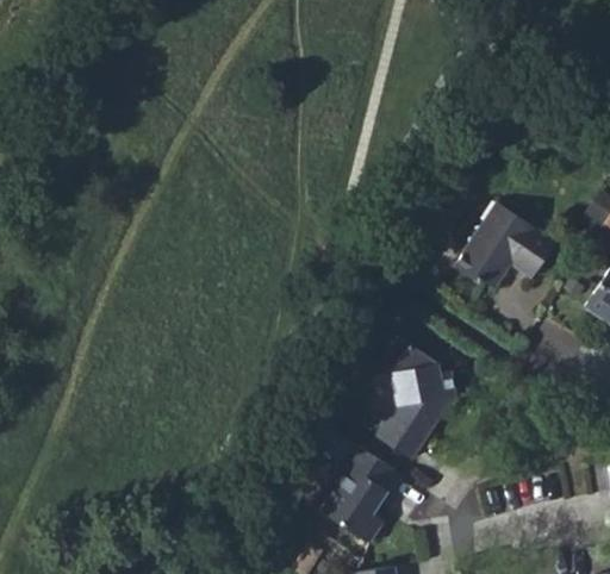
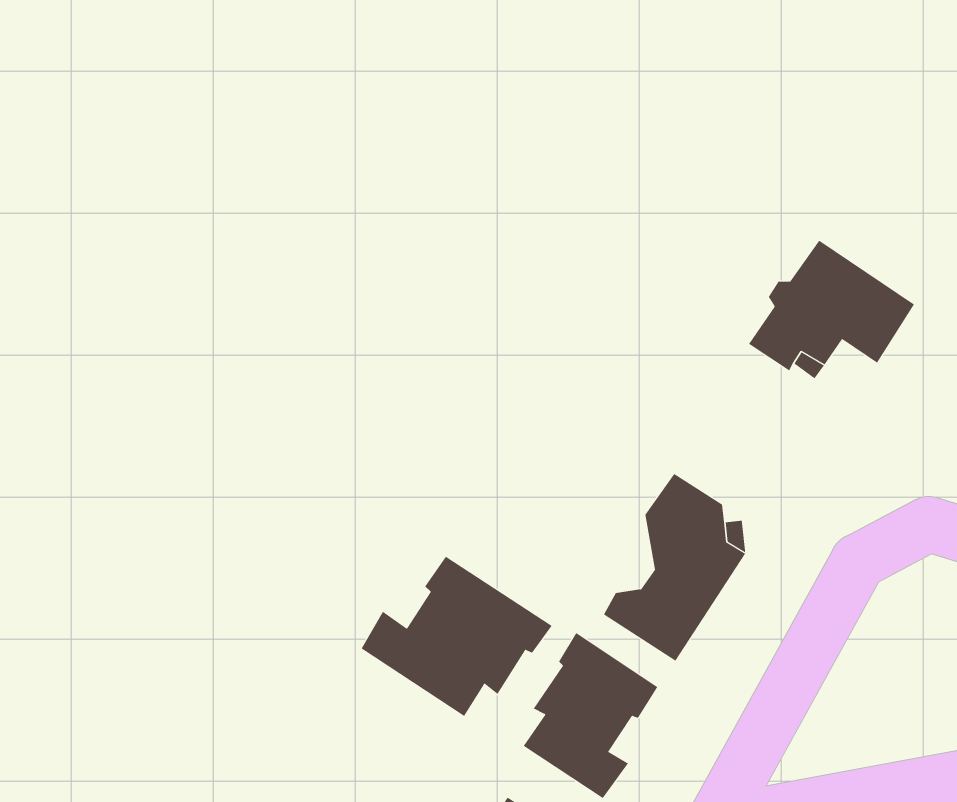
building: none -> [361,556,553,717]

